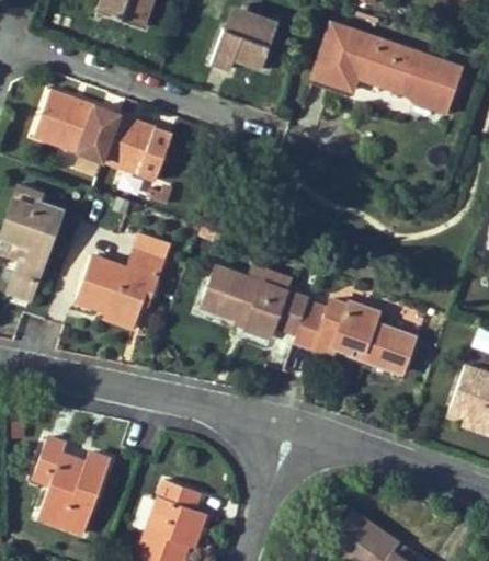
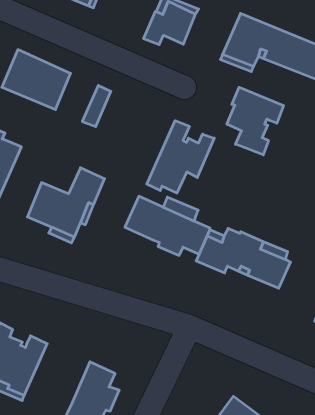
building: [103,114,156,174] -> none
building: none -> [227,87,284,155]
building: none -> [147,121,214,193]

